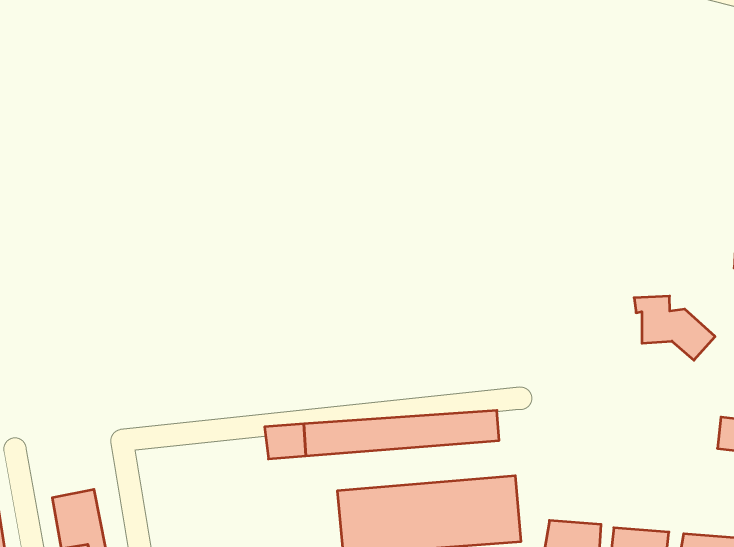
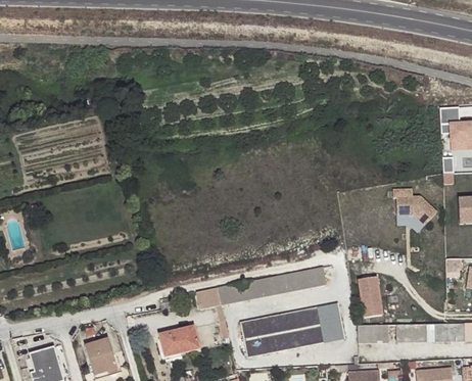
building: none -> [359,276,383,317]
building: none -> [156,325,198,352]

